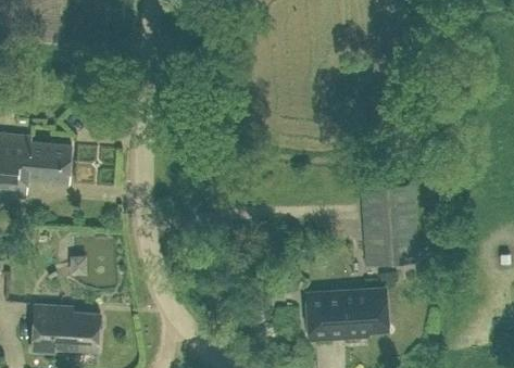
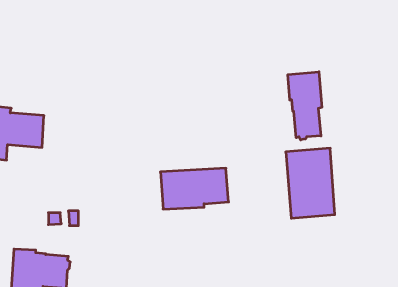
building: none -> [288,72,322,140]
building: [306,289,388,338] -> [160,168,229,209]

